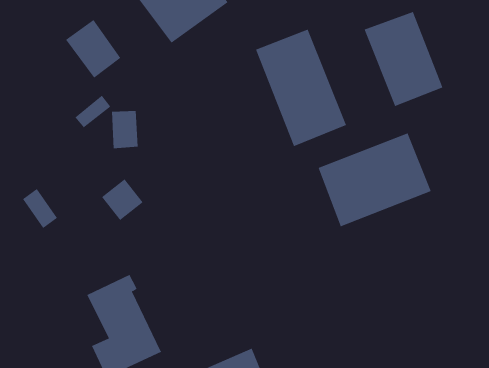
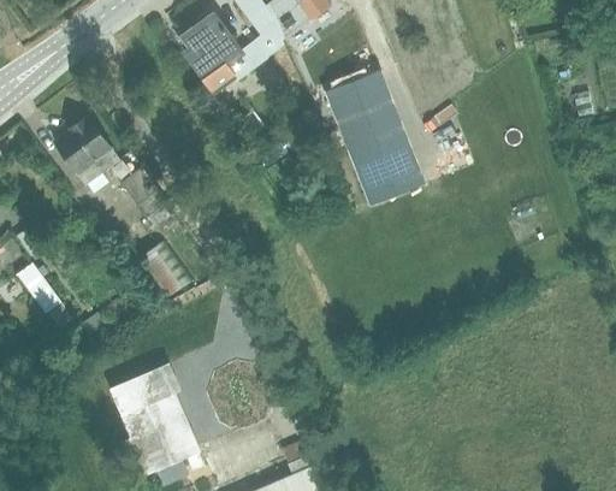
building: [364,11,443,107] -> none
building: [65,19,121,78] -> [51,111,119,183]
building: [318,133,431,227] -> none

